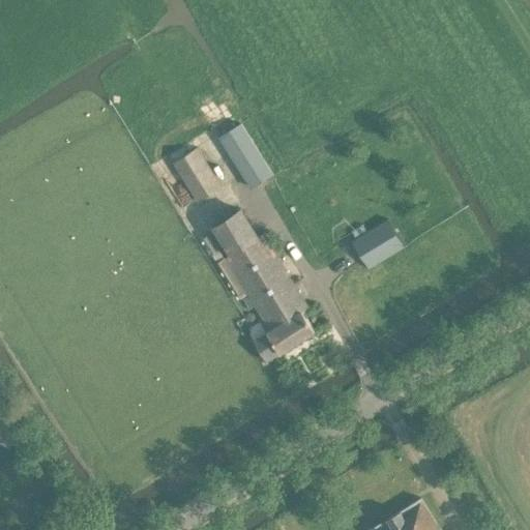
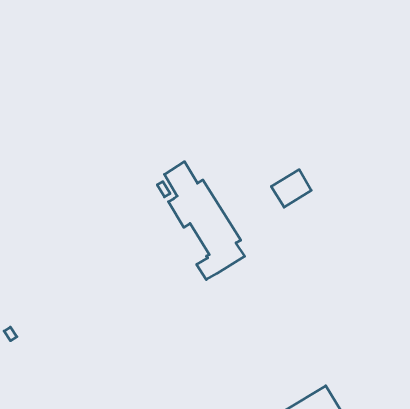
building: [218,124,273,187] -> none
building: [173,149,220,203] -> none

